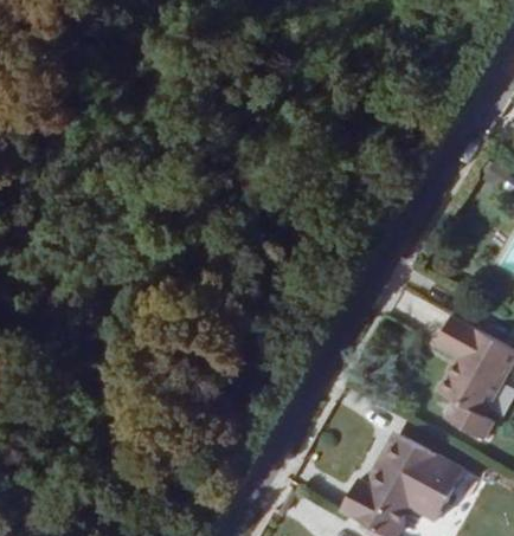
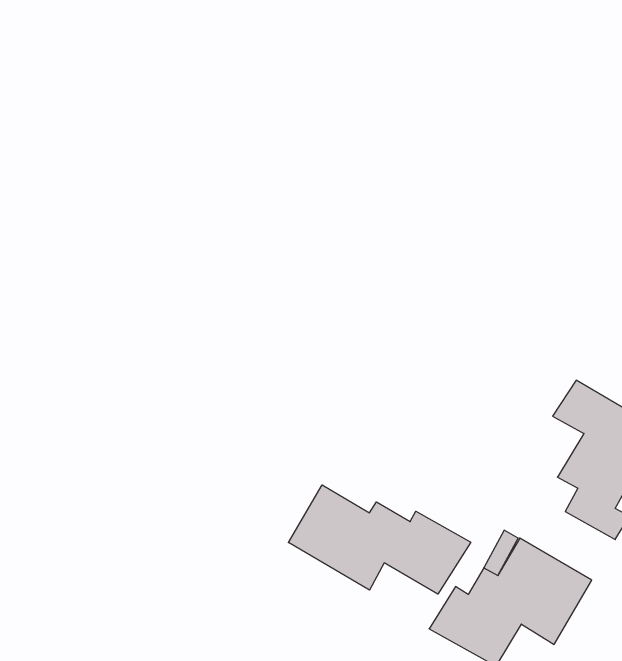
building: none -> [288,485,471,594]

